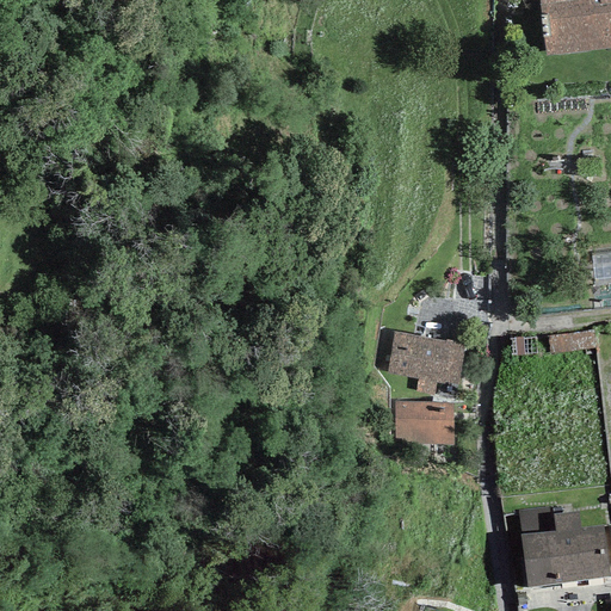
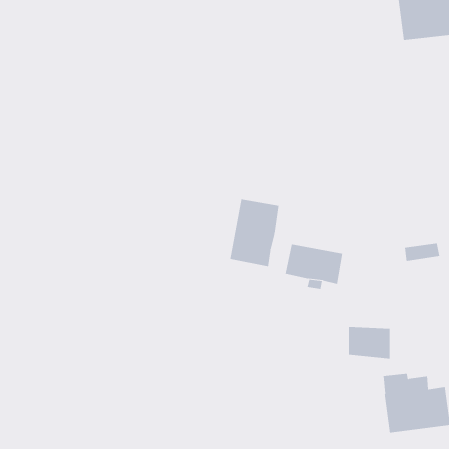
building: none -> [230,199,279,267]
building: [397,401,455,445] -> [348,327,391,359]

